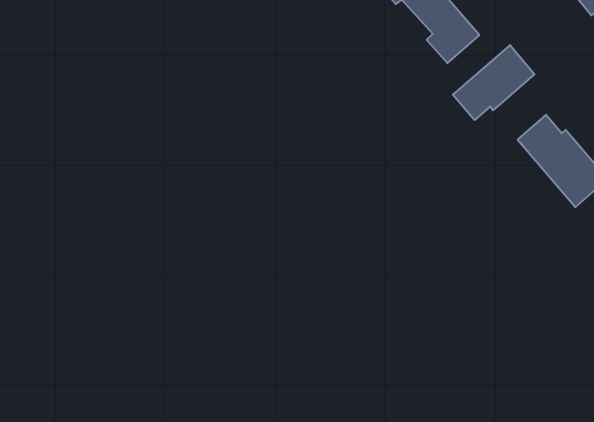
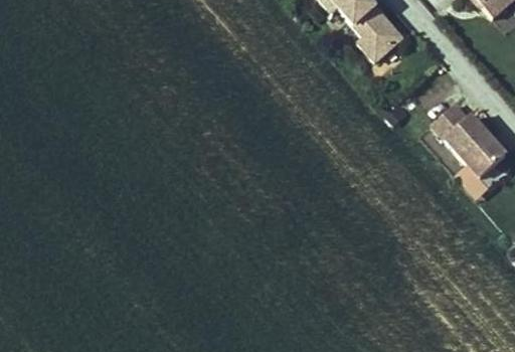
building: [453,45,535,120] -> none

